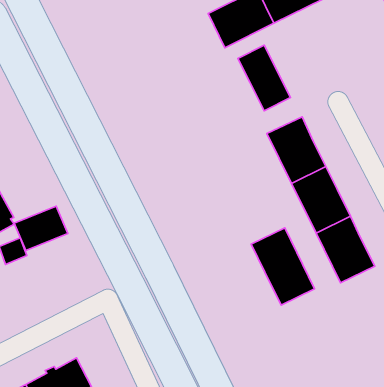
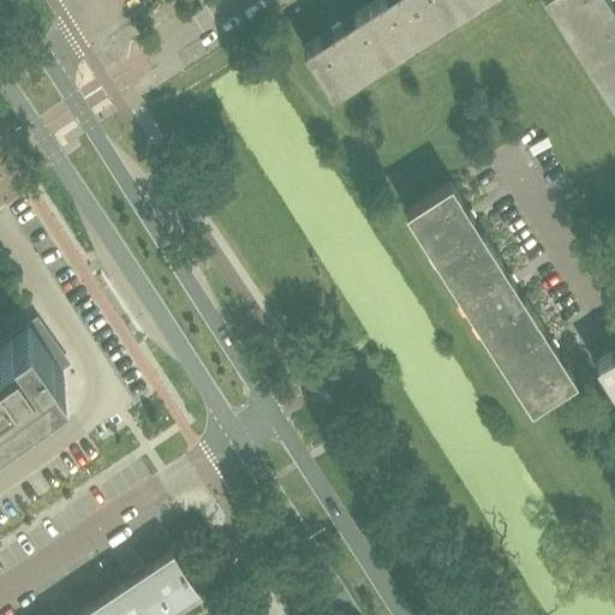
building: [238,45,291,111] -> none
building: [14,206,68,251] -> none
building: [251,228,315,305] -> none

